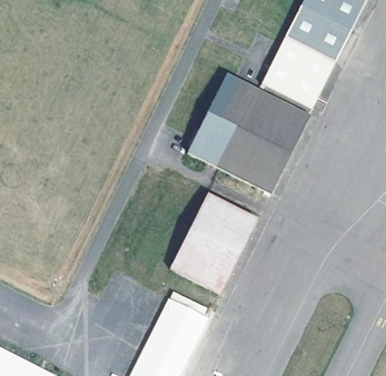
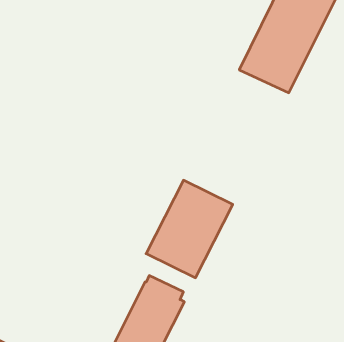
building: [191,73,308,190] -> none

